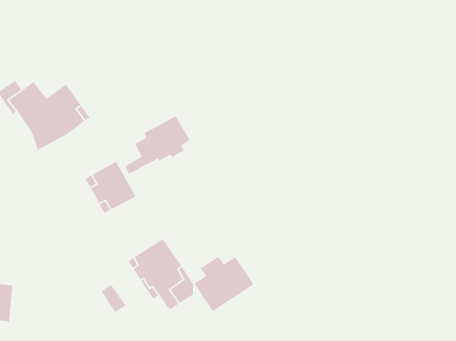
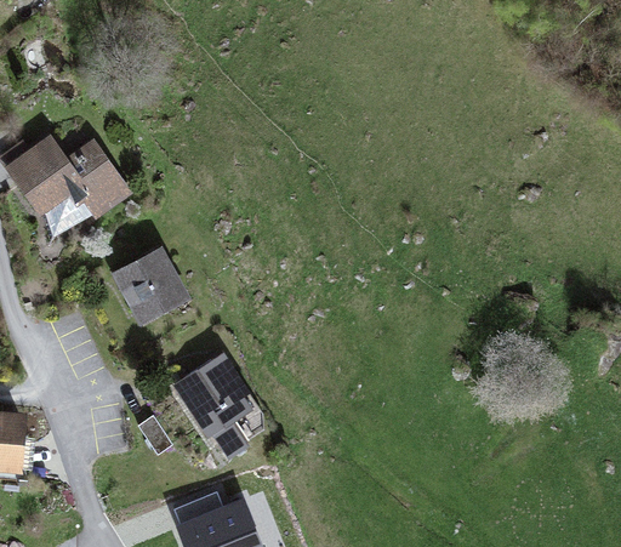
building: [124,115,191,175] -> none
building: [194,256,255,312] -> none

